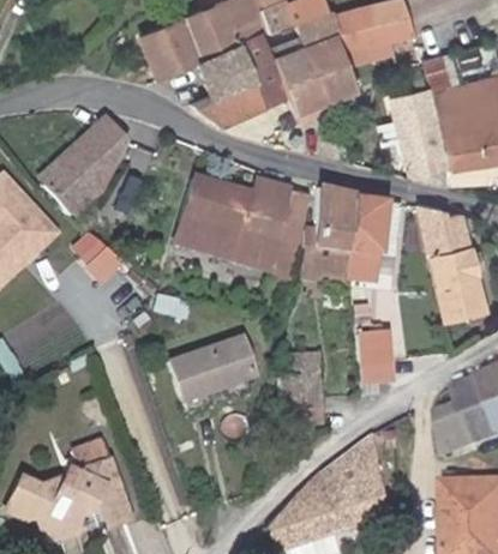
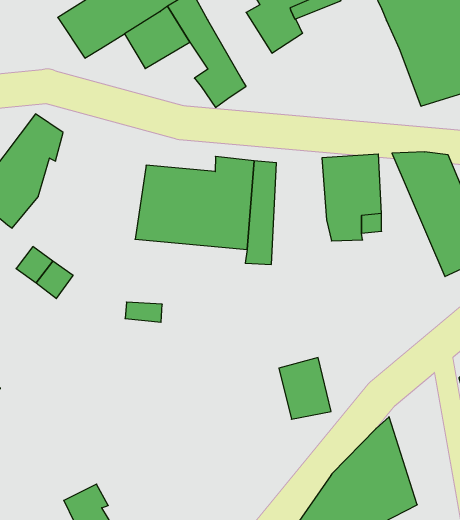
building: [271,52,326,116] -> none
building: [190,76,264,121] -> none
building: [392,85,446,173] -> none
building: [313,185,352,270] -> none
building: [353,326,388,379] -> none
building: [170,336,254,399] -> none

